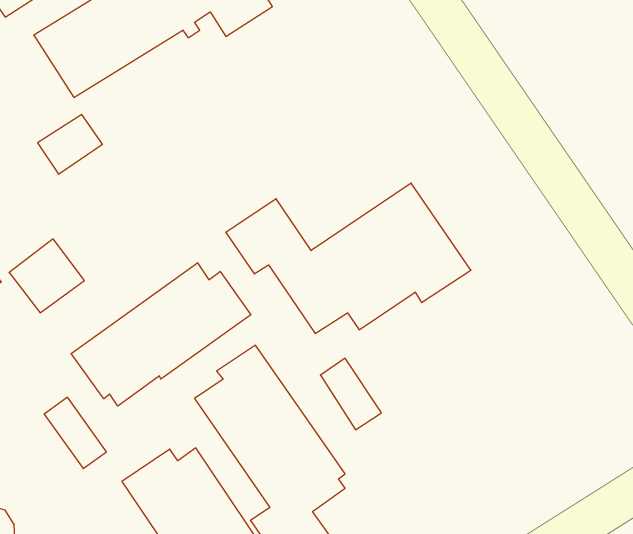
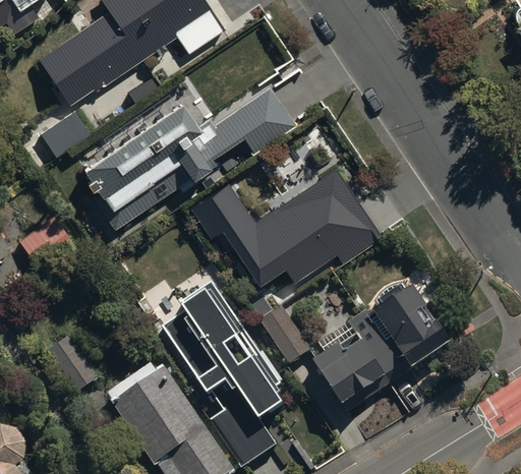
building: none -> [78,86,294,228]
building: [71,263,251,406] -> none
building: none -> [315,288,456,406]

